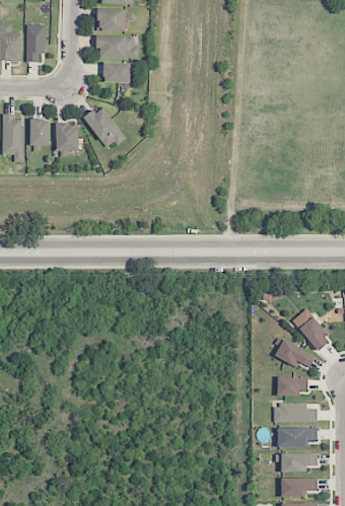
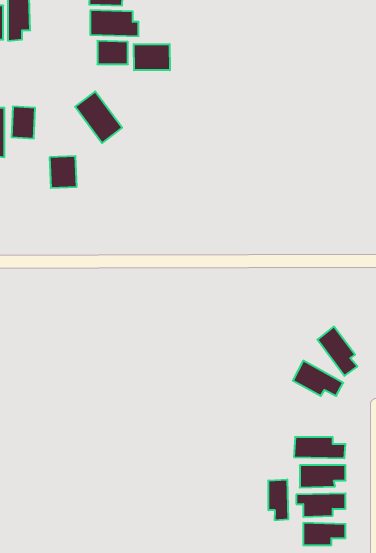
building: none -> [134,44,170,70]
building: [56,124,79,151] -> [50,156,77,188]
building: [277,377,307,396] -> none
building: none -> [268,479,288,520]

